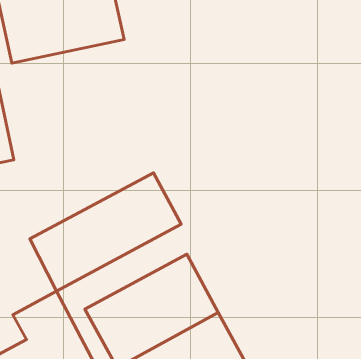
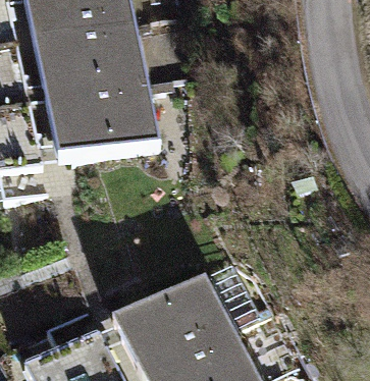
building: none -> [42,74,156,155]
building: [30,173,181,291] -> none

